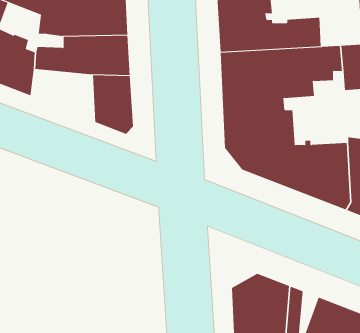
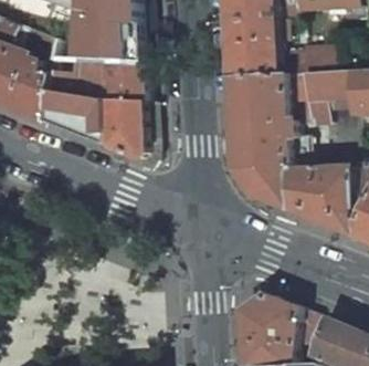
building: none -> [44,96,106,148]

